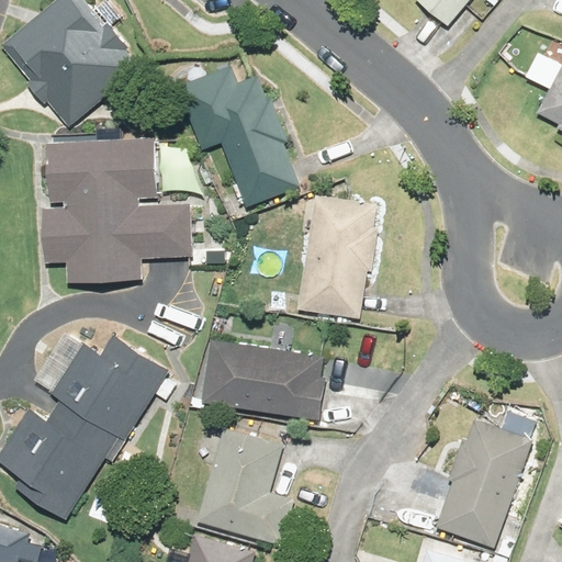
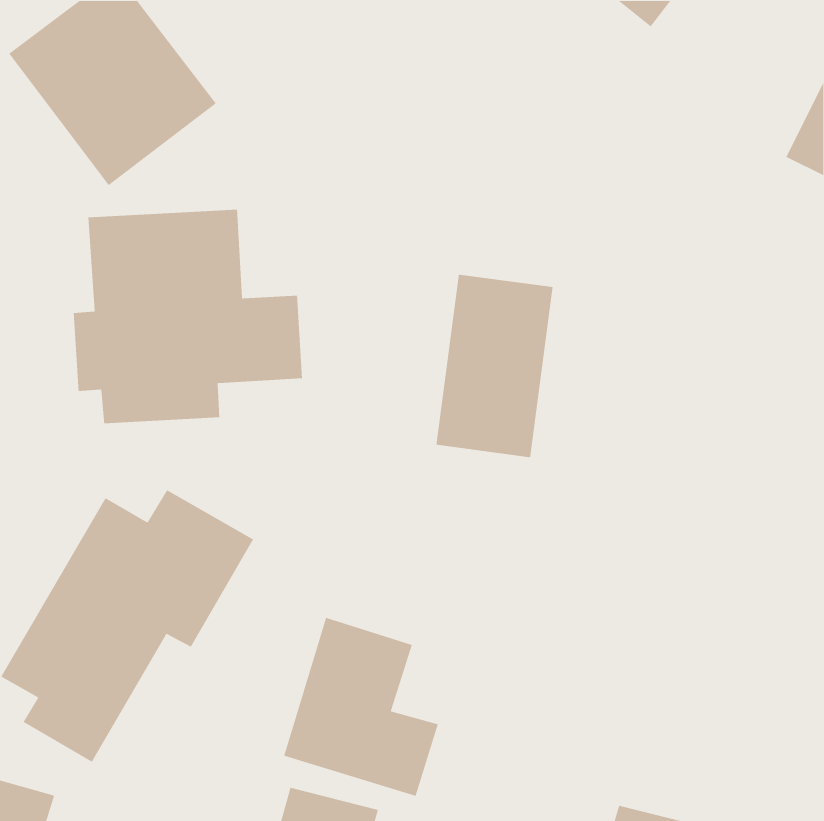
building: [181,69,305,204] -> none
building: [195,333,321,424] -> none
building: [431,409,530,544] -> none

